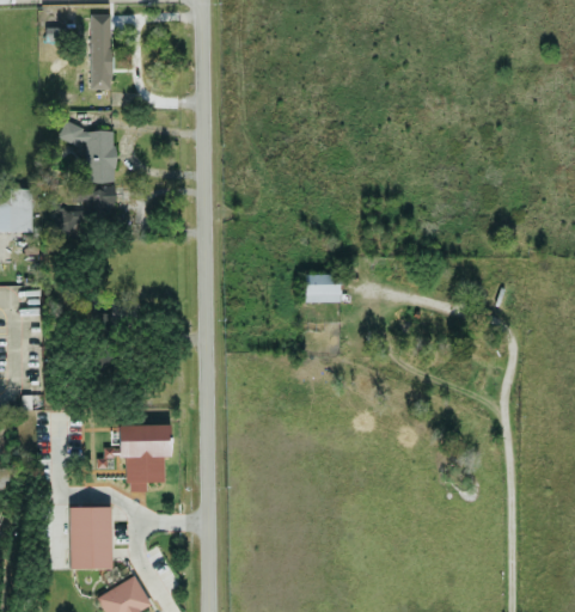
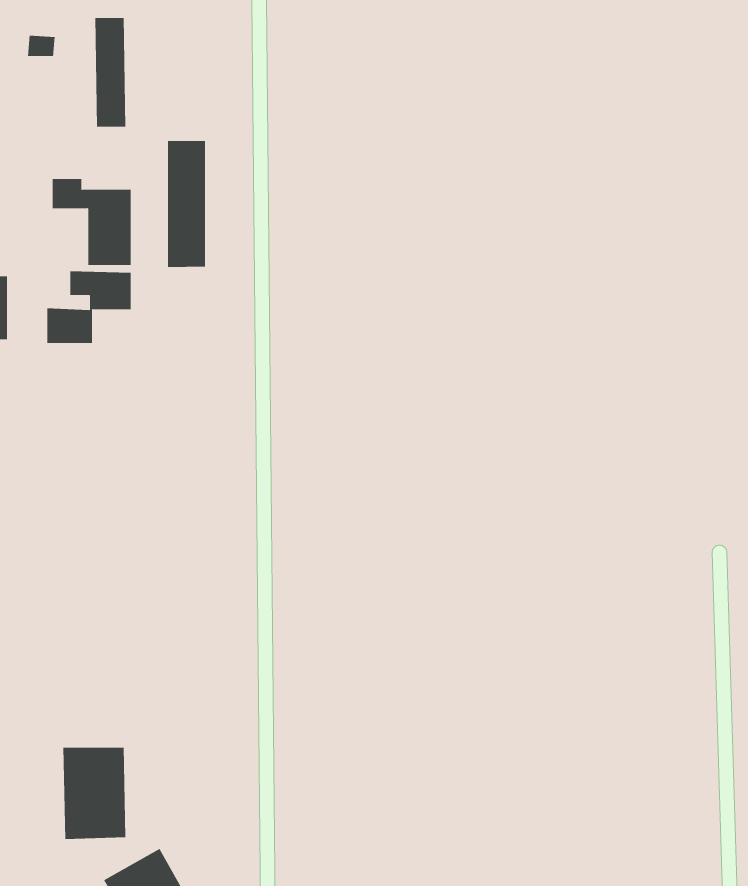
building: none -> [167,140,206,268]
building: [304,275,340,304] -> none
building: [97,426,170,492] -> none

